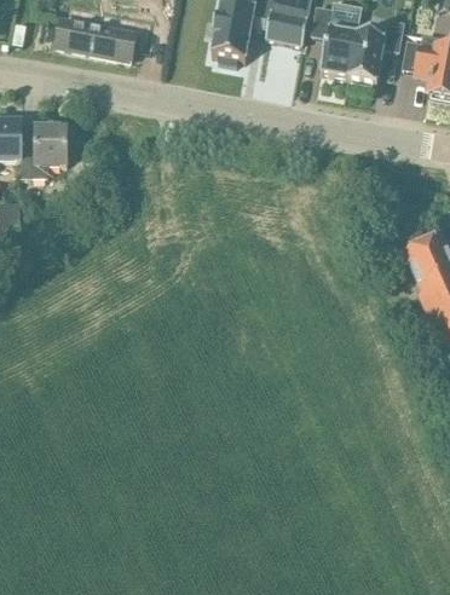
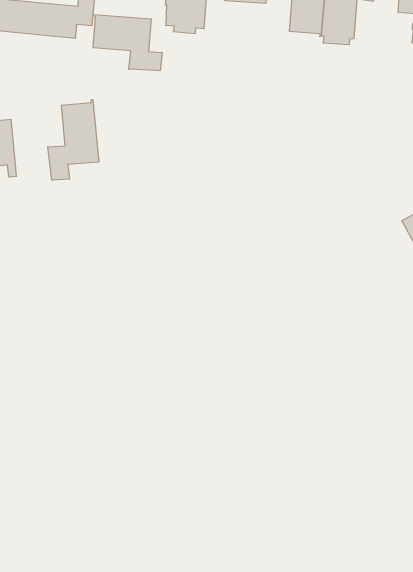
building: none -> [93,14,162,71]
building: none -> [48,100,99,180]

